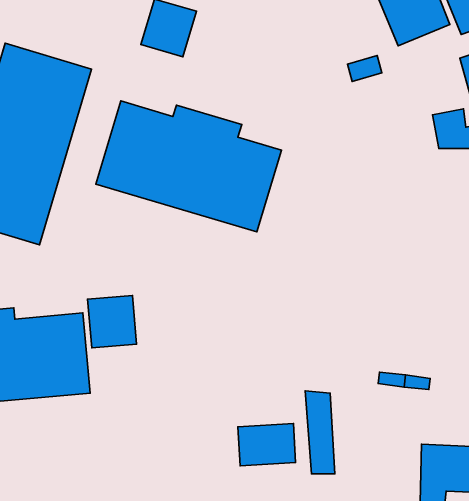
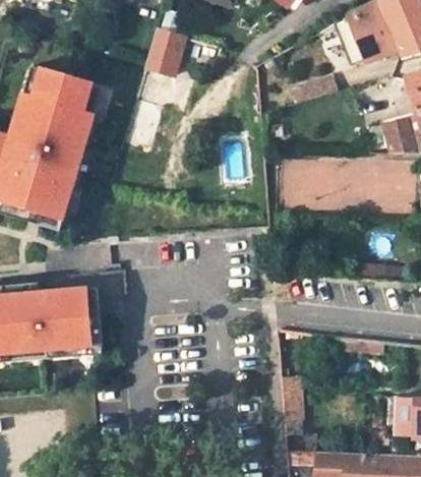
building: [96,101,281,232] -> none
building: [88,296,137,348] -> none
building: [238,423,296,466] -> none

